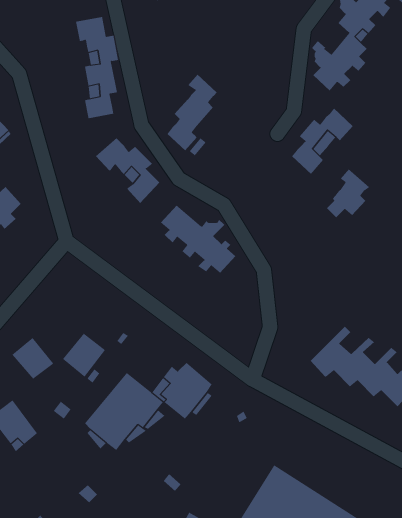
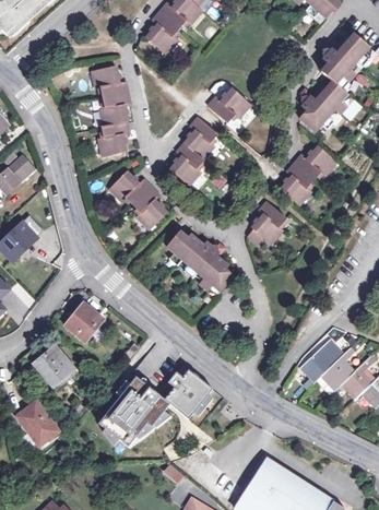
building: none -> [209,88,249,121]
building: [326,168,370,218] -> [247,201,285,245]
building: [62,333,106,378] -> [66,303,104,342]

